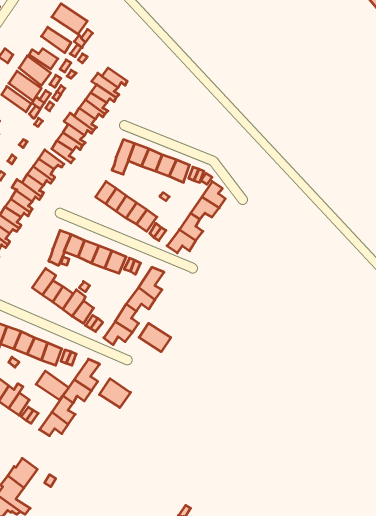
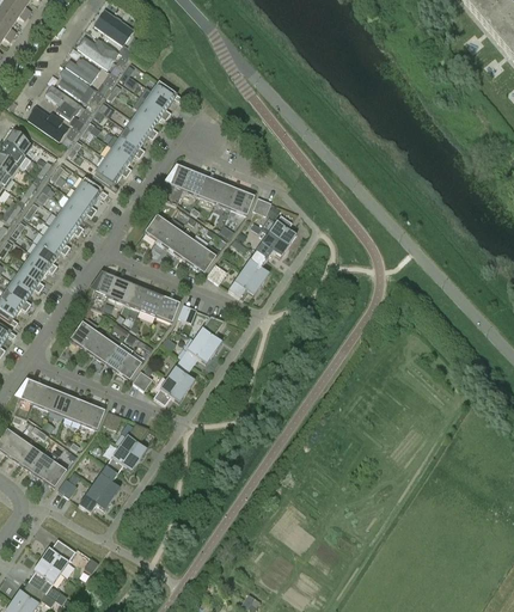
building: [139,323,171,352] -> none
building: [36,371,69,400] -> none
building: [99,379,131,408] -> none

